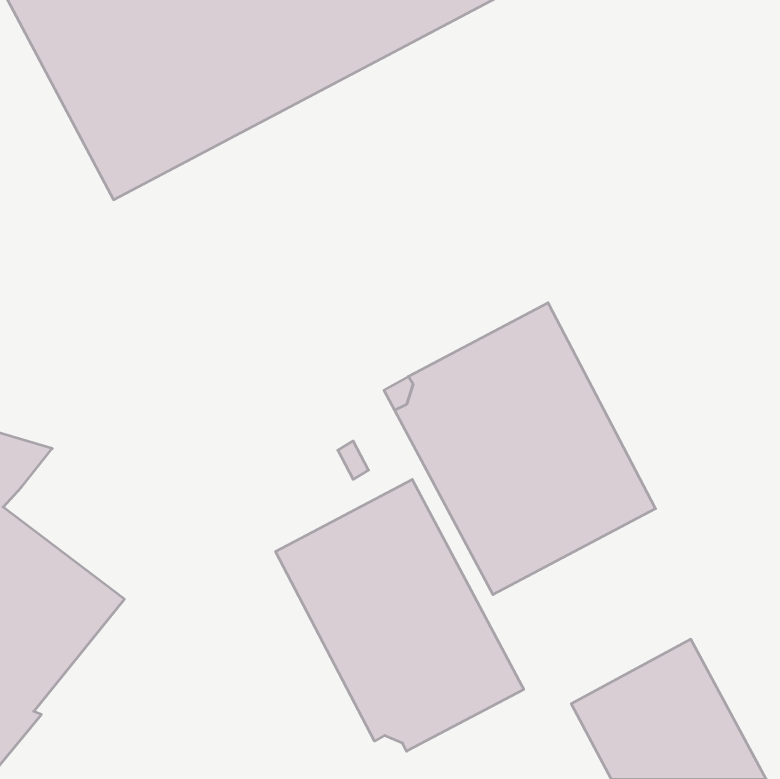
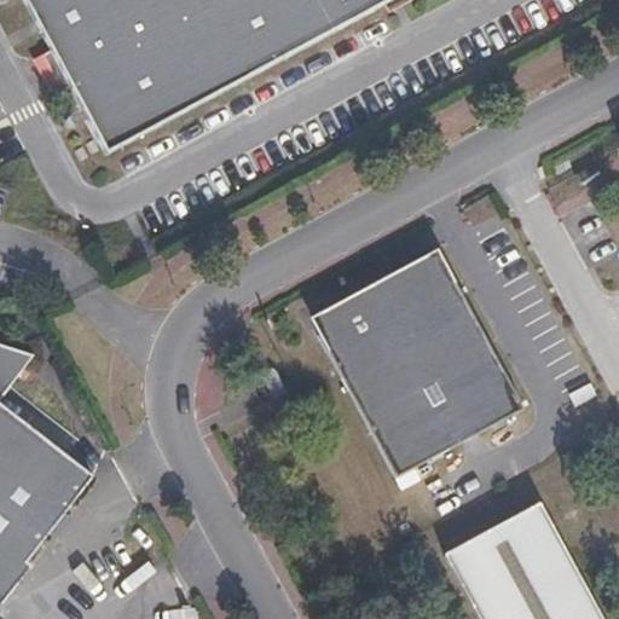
building: [276,479,524,751] -> none

